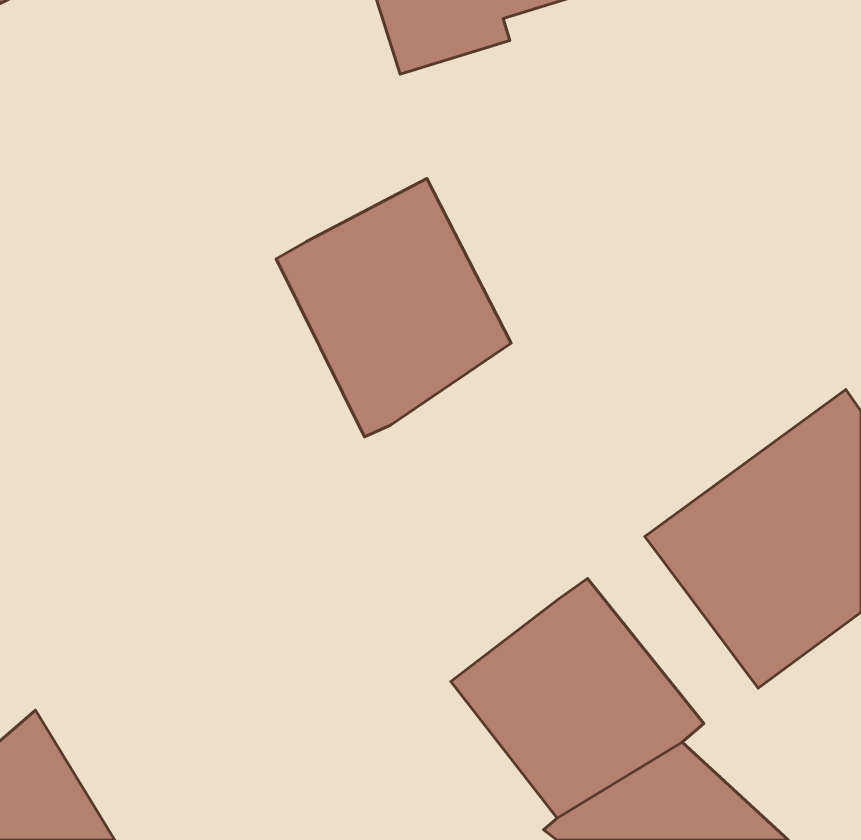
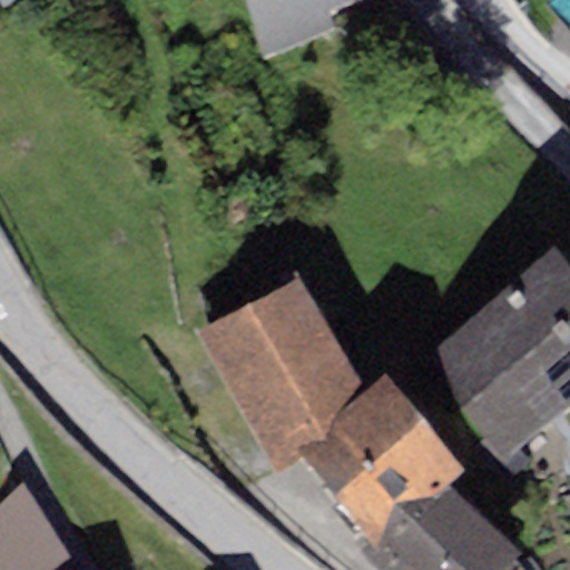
building: [276,179,511,437] -> none
building: none -> [210,286,368,466]

